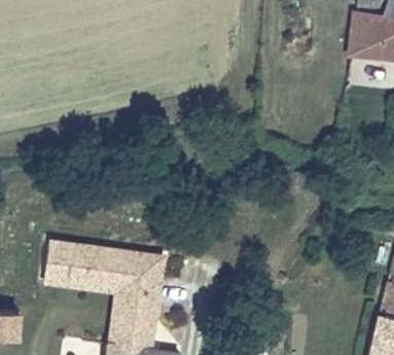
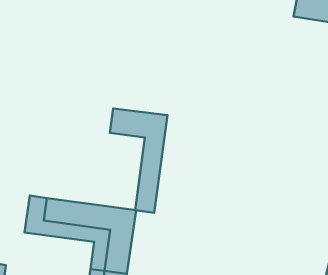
building: none -> [110,108,168,213]

